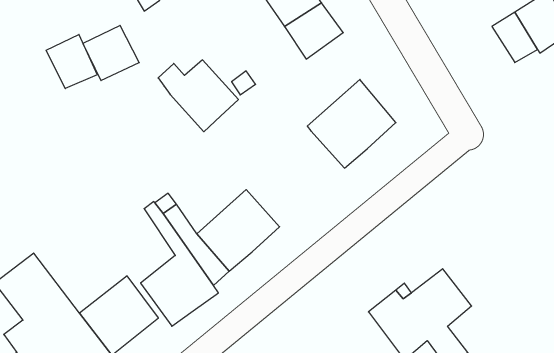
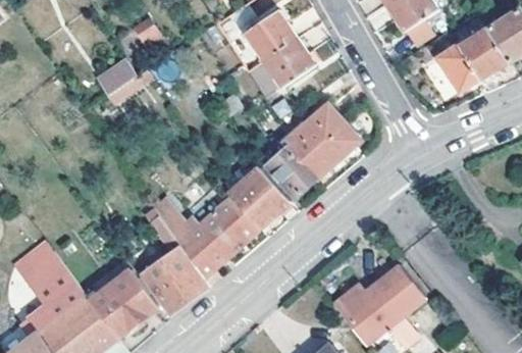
building: [46,34,97,89] -> none
building: [158,60,238,132] -> [220,167,289,229]
building: none -> [266,147,314,197]

